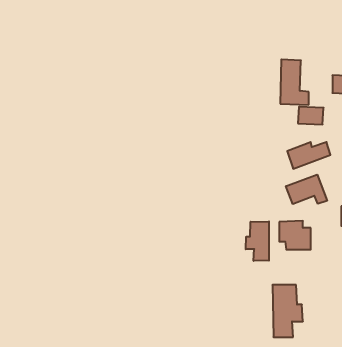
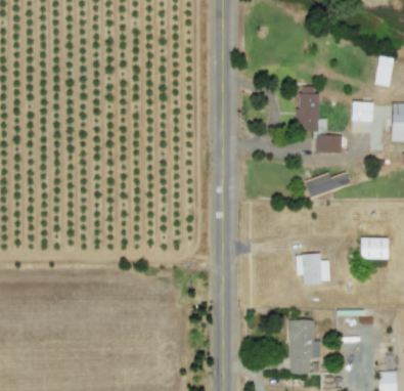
building: [286,175,327,204] -> none
building: [246,221,269,261] -> none

